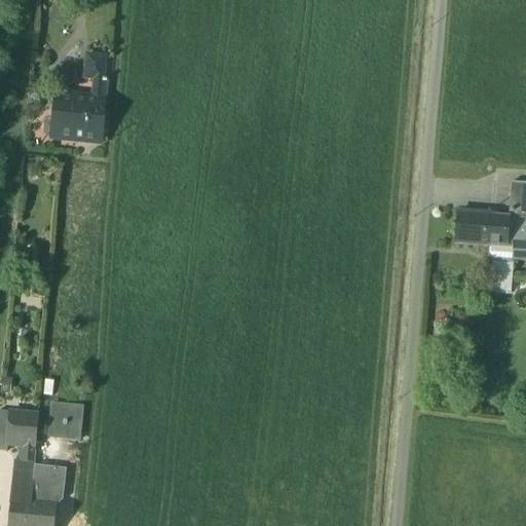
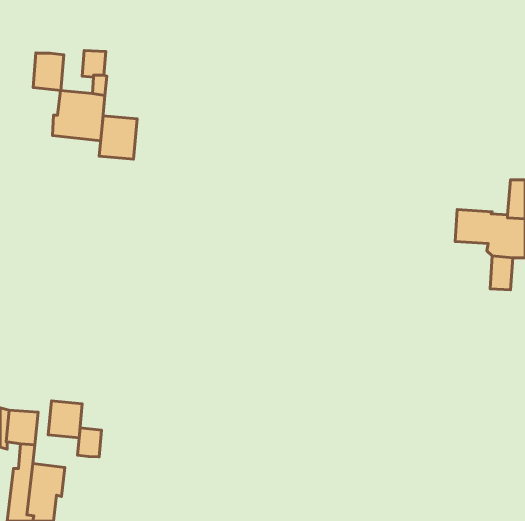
building: none -> [33,53,64,90]
building: none -> [99,116,137,159]
building: none -> [78,428,102,457]

